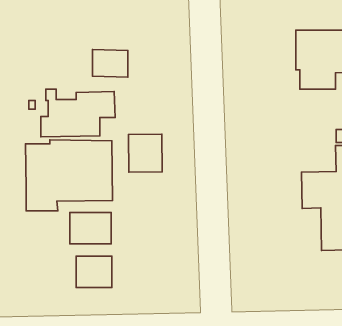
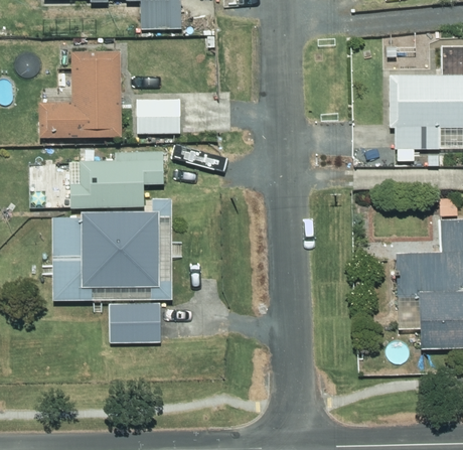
building: none -> [40,51,122,137]
building: [129,134,162,172] -> none
building: [76,256,112,287] -> none

